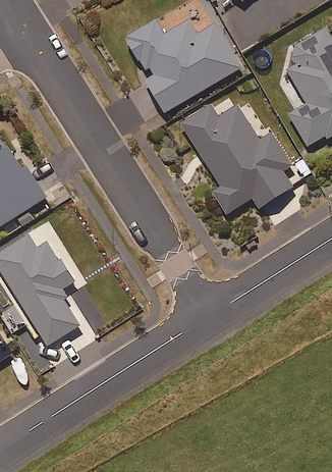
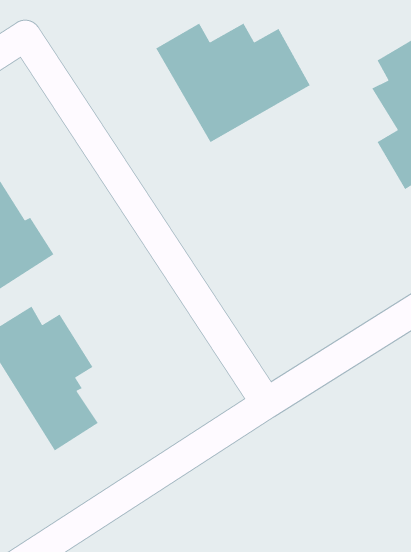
building: [182,105,293,213] -> none

